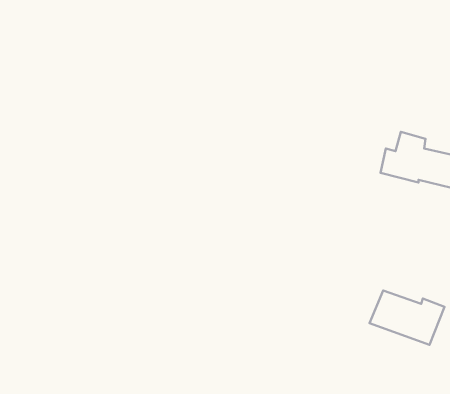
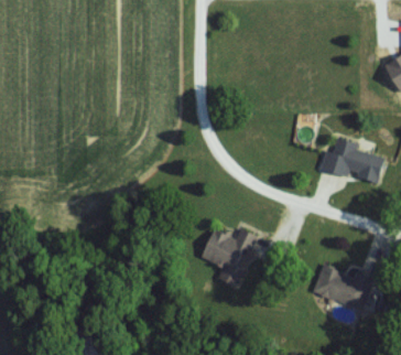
building: none -> [202,228,261,288]

